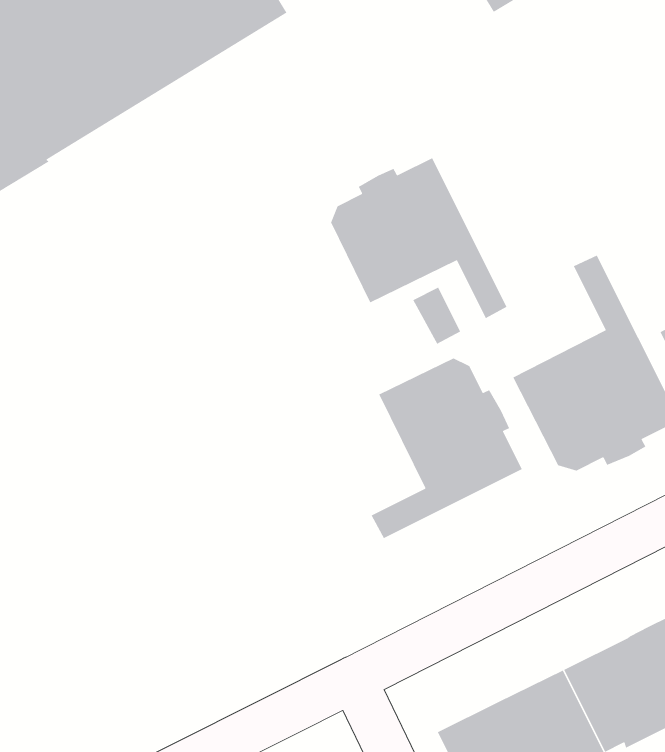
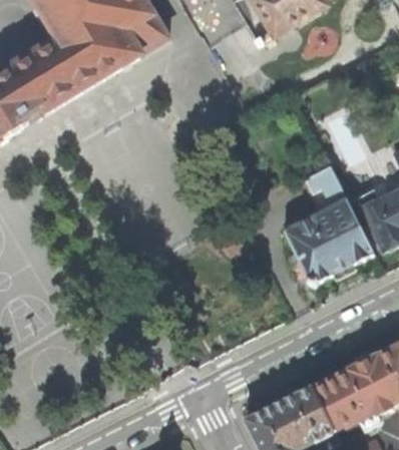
building: [330,157,508,319] -> none
building: [371,358,523,539] -> none

